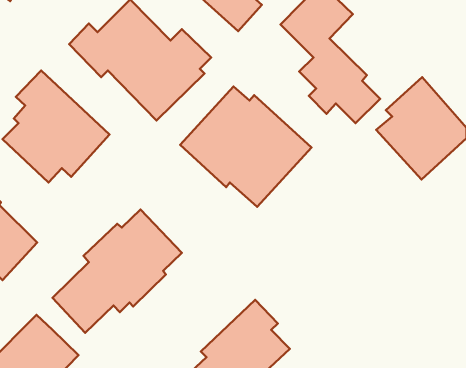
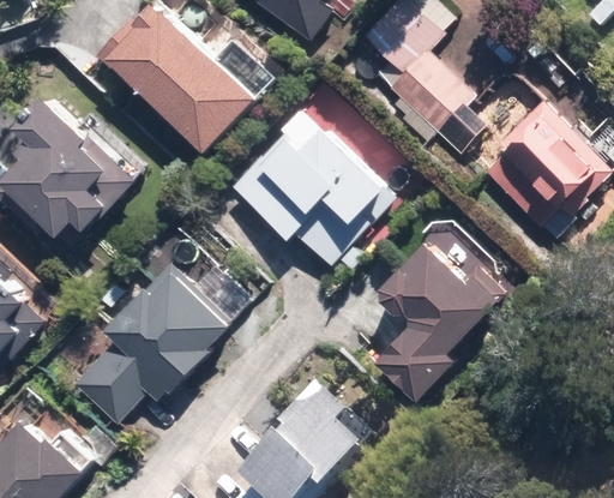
building: none -> [374,236,507,401]

